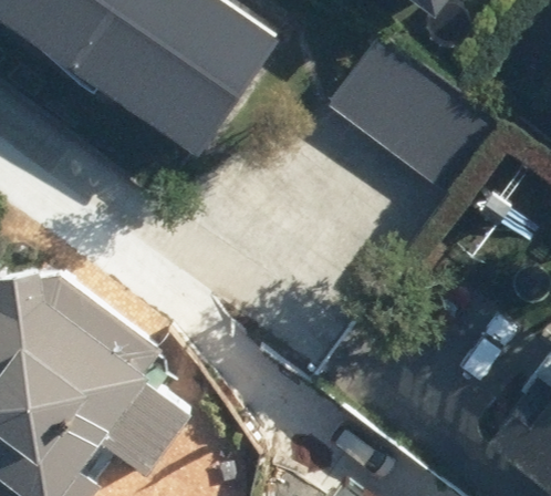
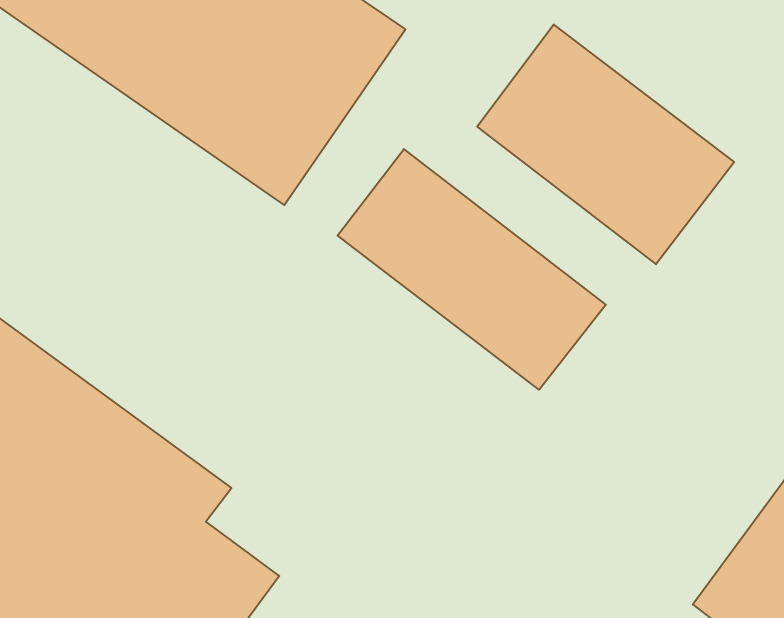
building: none -> [338,149,606,390]

